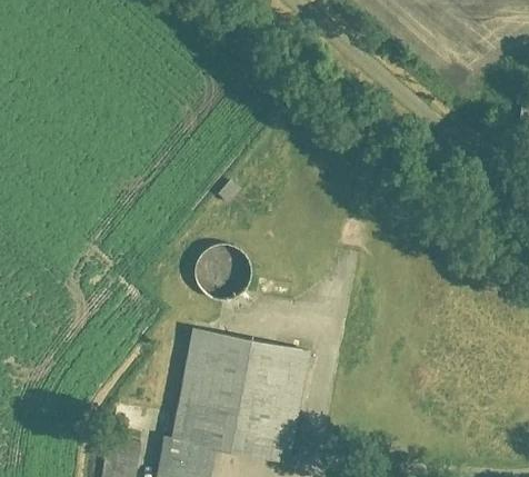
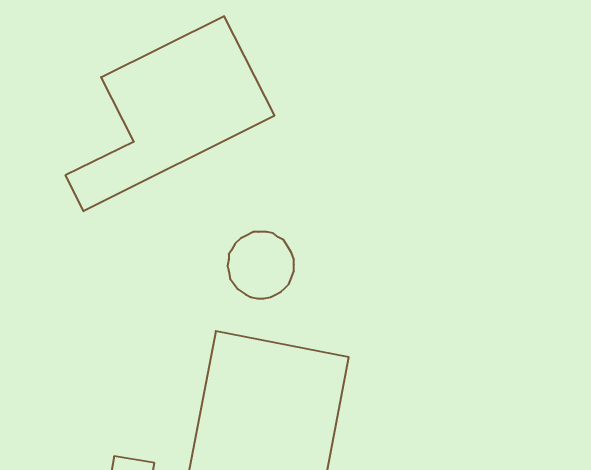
building: none -> [66,16,274,211]

